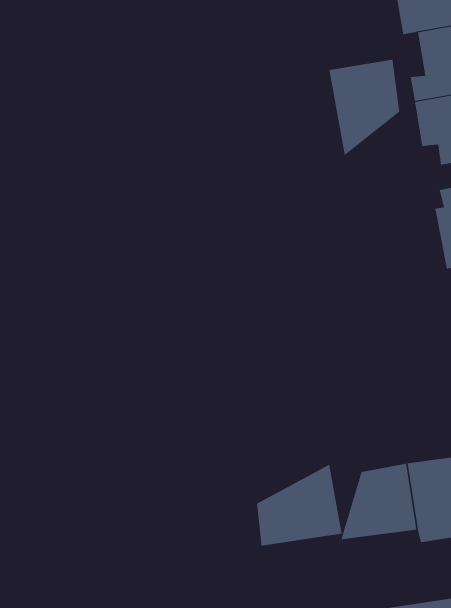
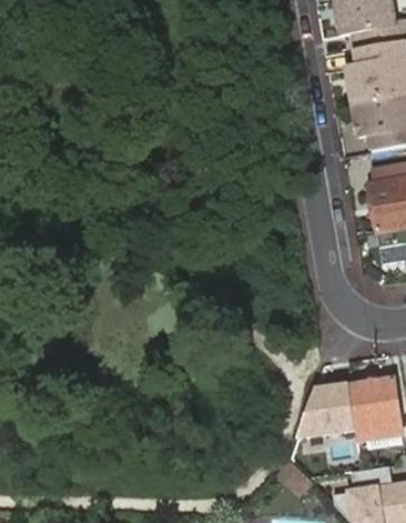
building: [329,59,400,156] -> none
building: [257,464,342,547] -> none

